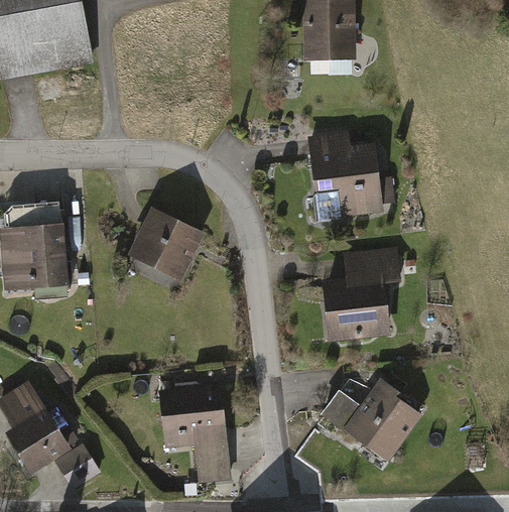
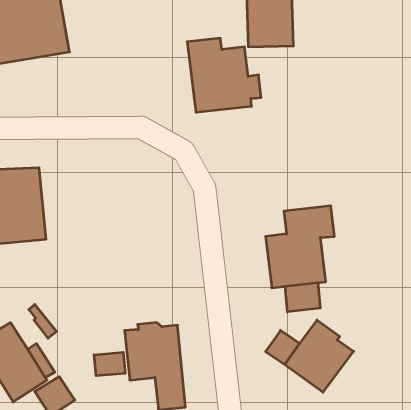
building: [309,133,395,219] -> [187,38,261,112]
building: [128,207,205,280] -> none
building: none -> [285,283,320,312]
building: none -> [94,352,125,376]

